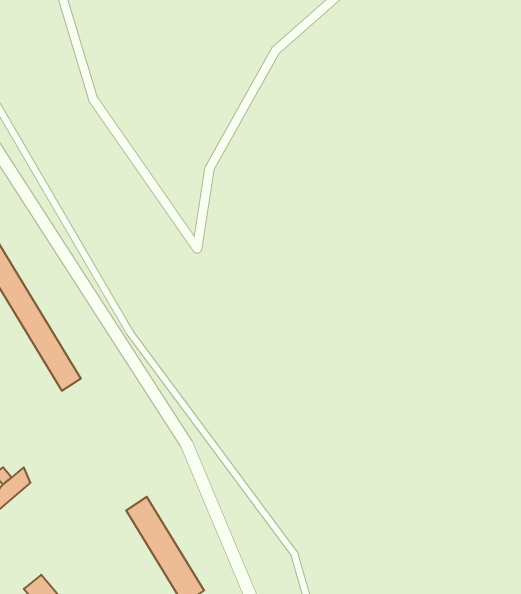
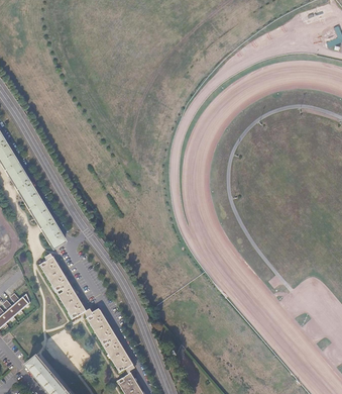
building: none -> [39,259,85,320]

